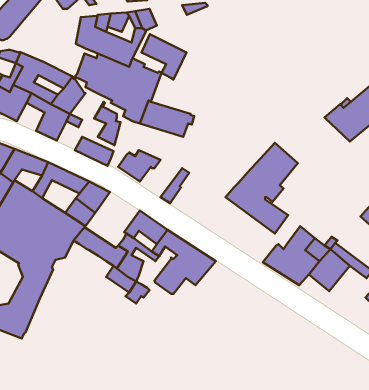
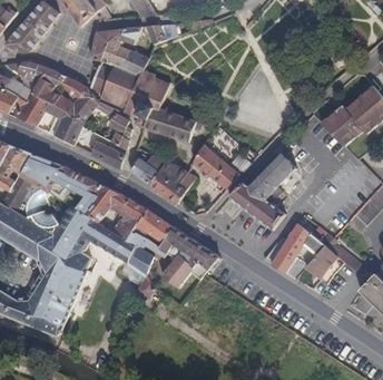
building: [141,34,187,80] -> none
building: none -> [193,146,251,189]
building: none -> [149,163,188,198]
building: none -> [114,194,149,243]
building: none -> [40,254,90,335]

